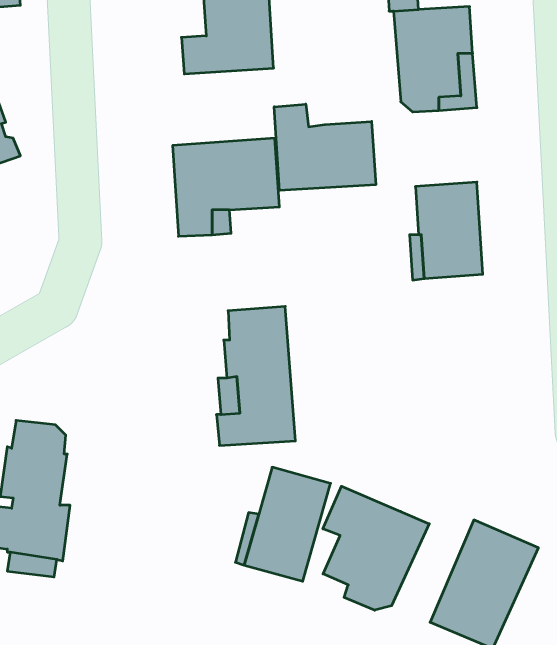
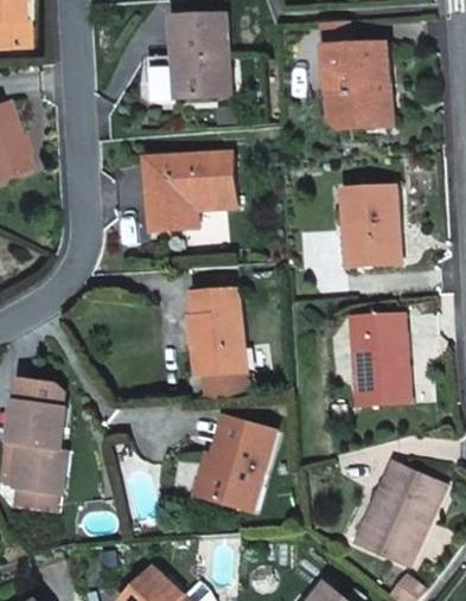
building: [274,104,376,190] -> none
building: none -> [351,313,407,404]
building: [323,486,429,610] -> none

